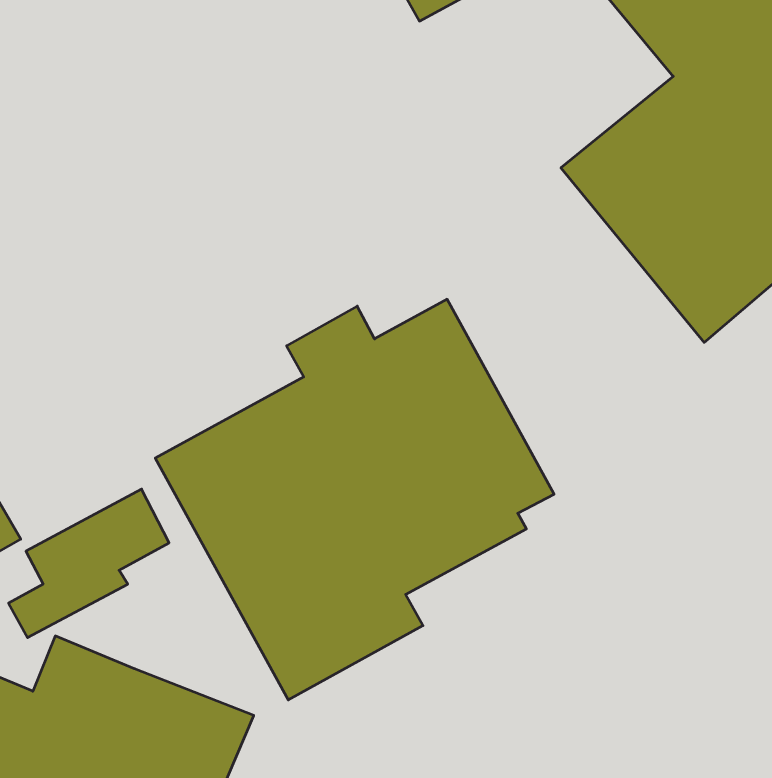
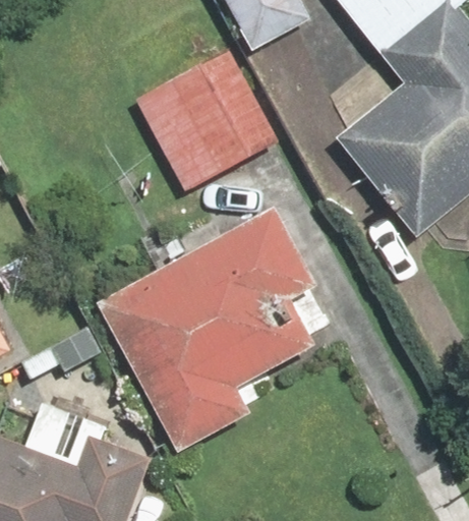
building: none -> [133,46,280,192]

